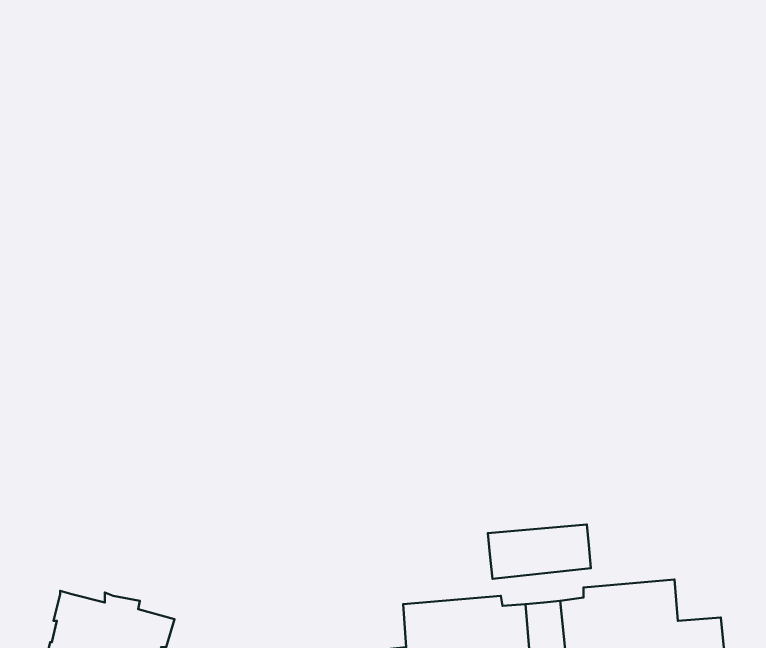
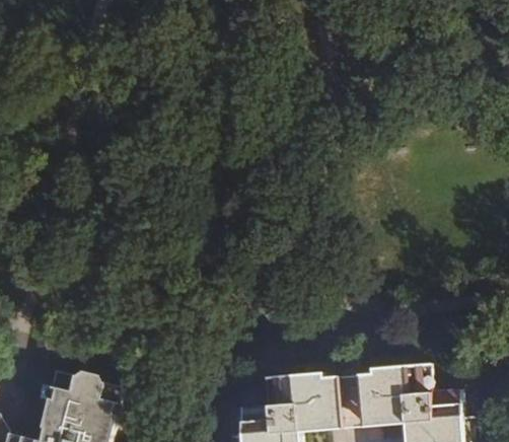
building: [488,525,591,579] -> none

